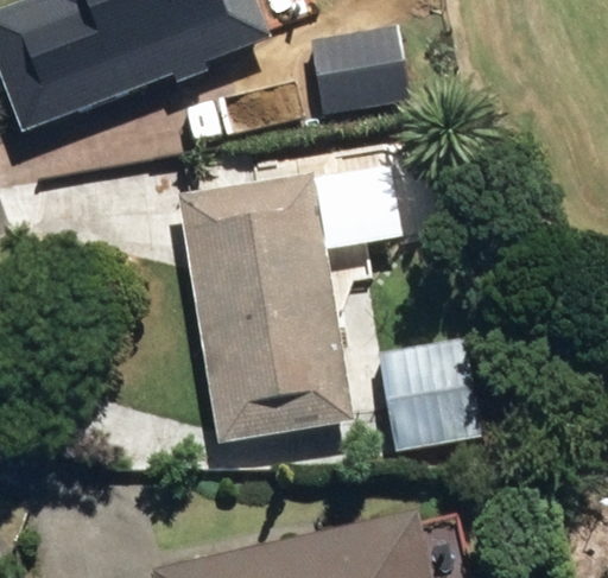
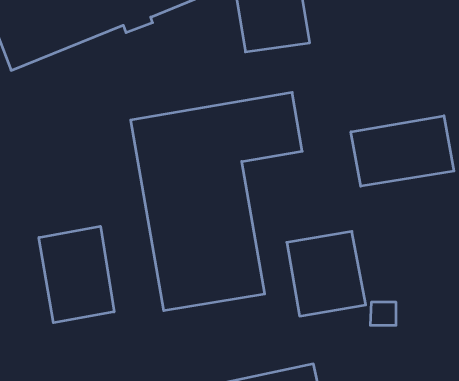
building: none -> [351,116,454,186]
building: none -> [39,226,114,323]

